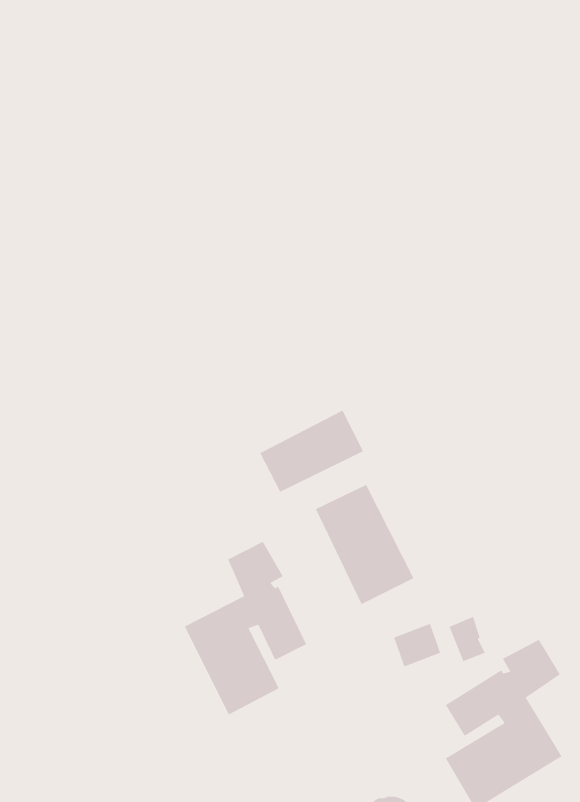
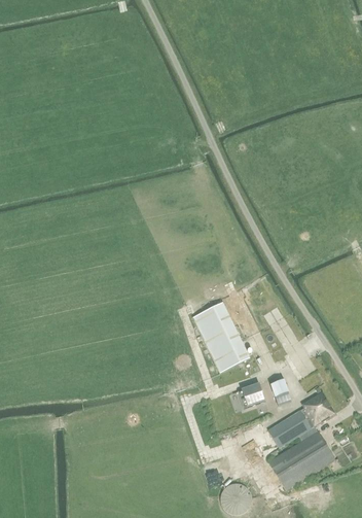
building: [259,409,364,493] -> none
building: [184,541,307,715] -> none

